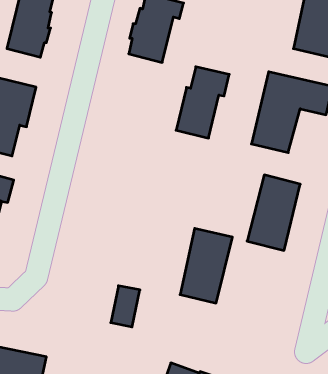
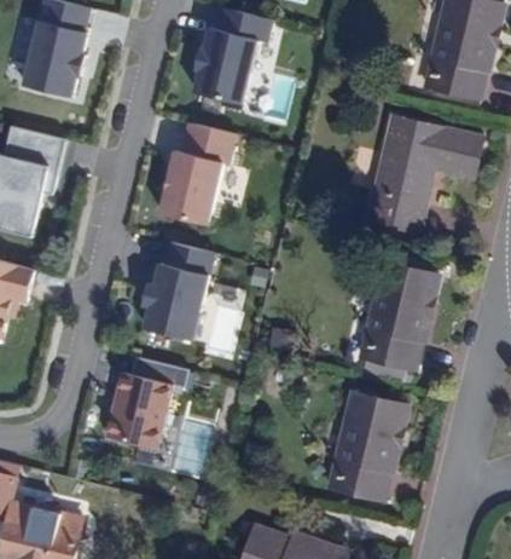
building: [176,67,229,138] -> [161,123,236,224]
building: none -> [144,243,214,340]
building: [180,228,232,303] -> [331,393,405,499]
building: none -> [105,373,172,450]

